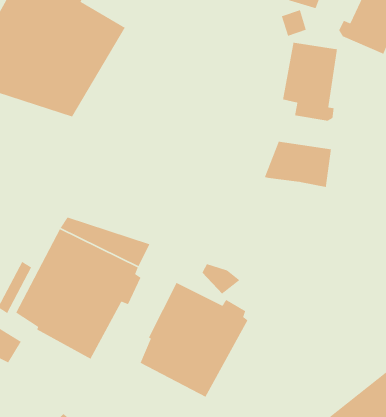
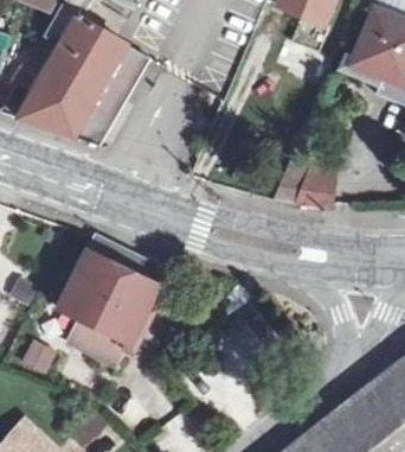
building: [282,42,338,122] -> none
building: [139,282,249,398] -> none

